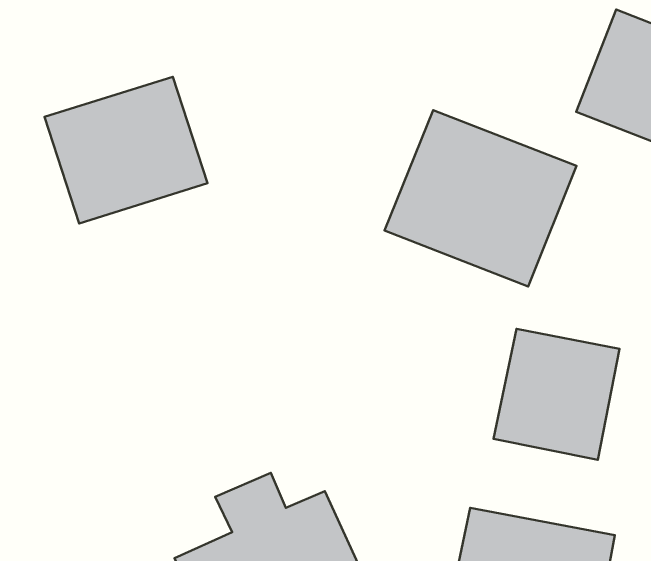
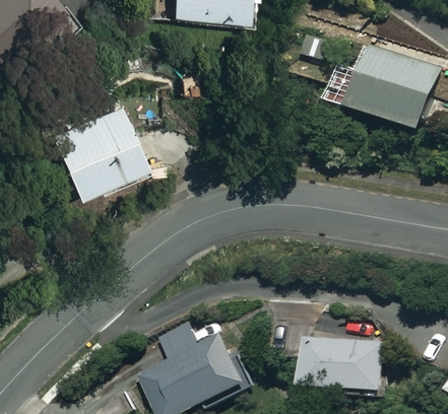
building: [385,110,577,286] -> none
building: [494,329,620,460] -> none

